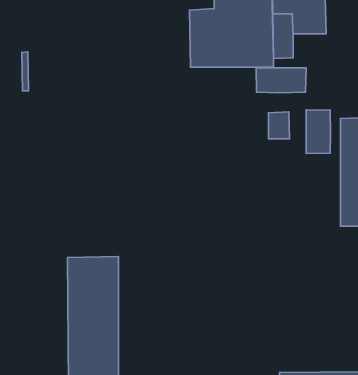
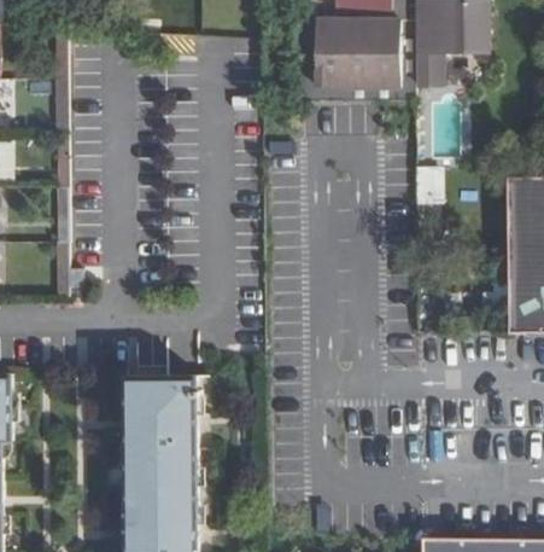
building: [256,68,306,93] -> none
building: [306,110,331,153] -> none

